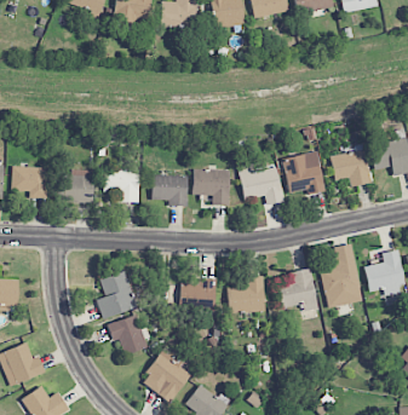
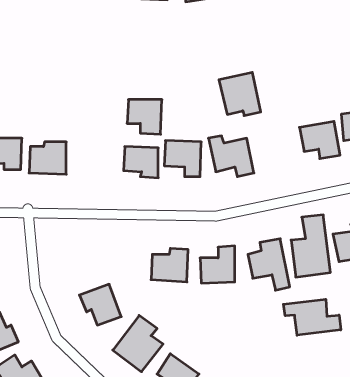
building: [282,151,324,195] -> [219,72,261,116]
building: [104,168,139,203] -> [127,100,162,134]
building: [96,271,137,319] -> none
building: none -> [283,299,341,335]

